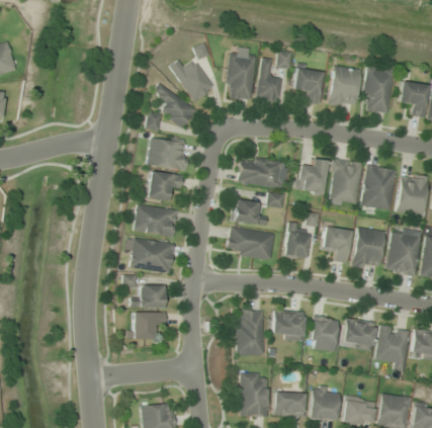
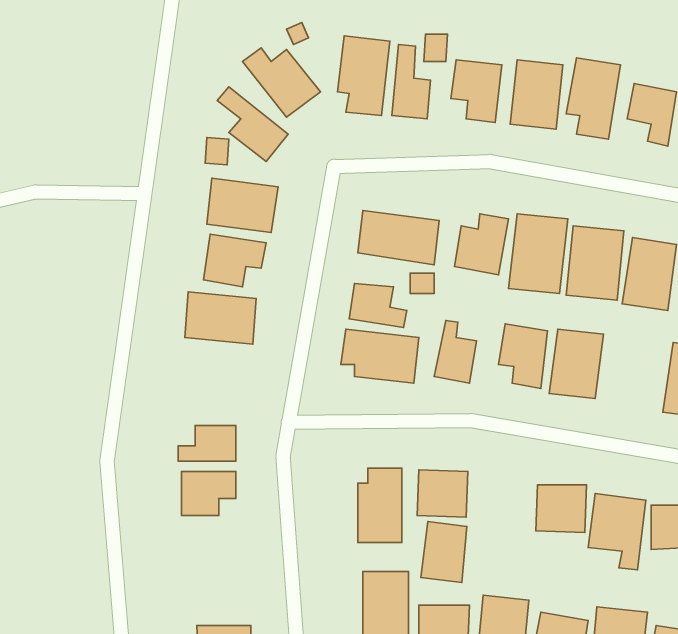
building: [386,228,422,276] -> none
building: [131,238,175,273] -> none
building: [310,316,337,352] -> [421,522,467,582]

